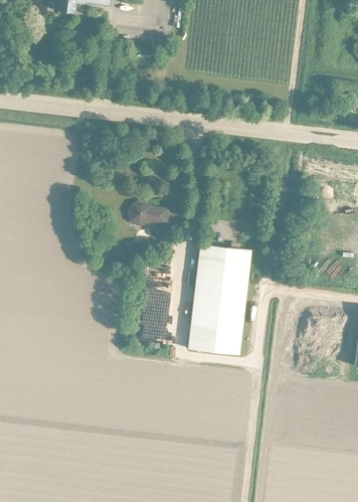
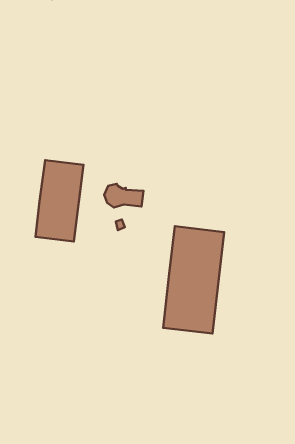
building: none -> [36,160,84,242]

